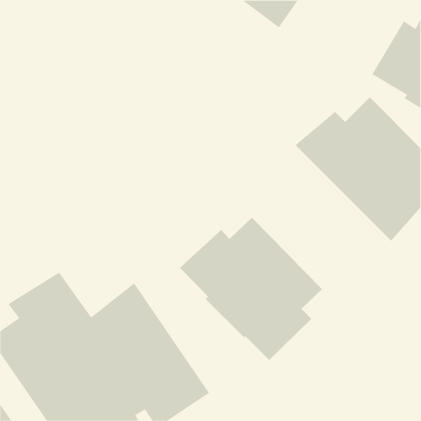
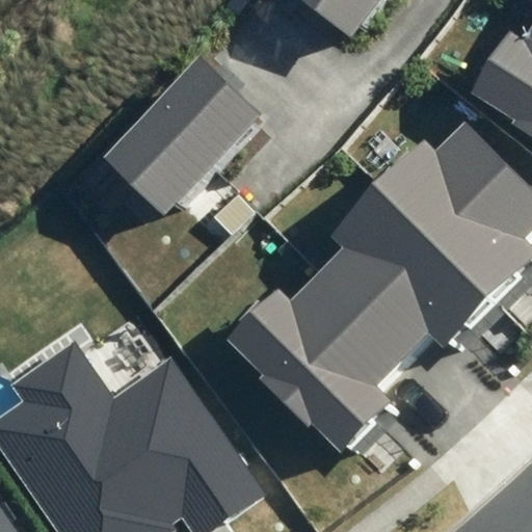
building: none -> [102,57,265,220]
building: none -> [317,183,493,365]

